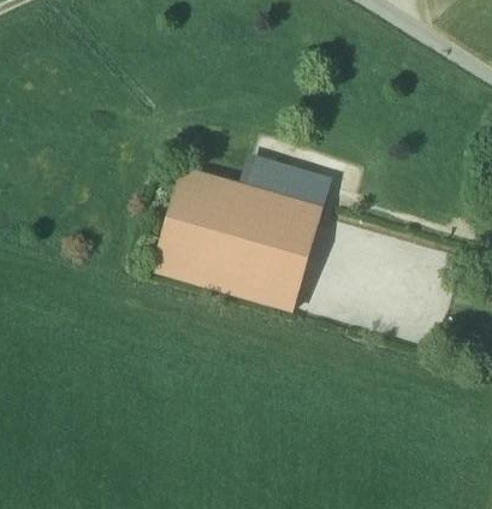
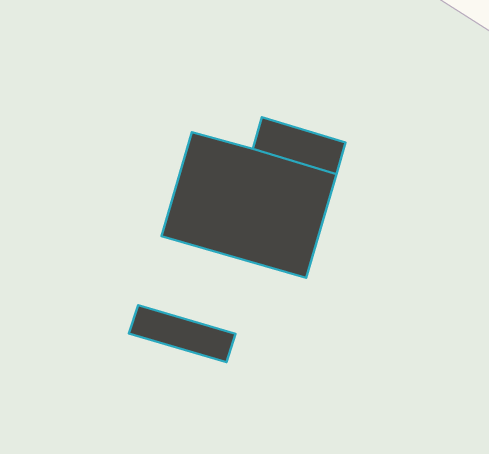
building: none -> [129,305,236,362]

